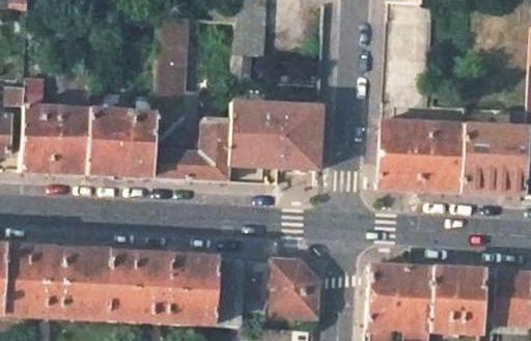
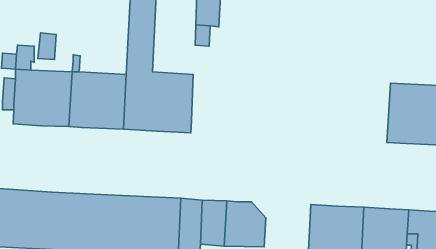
building: [230,104,320,171] -> none
building: [379,119,464,193] -> none

